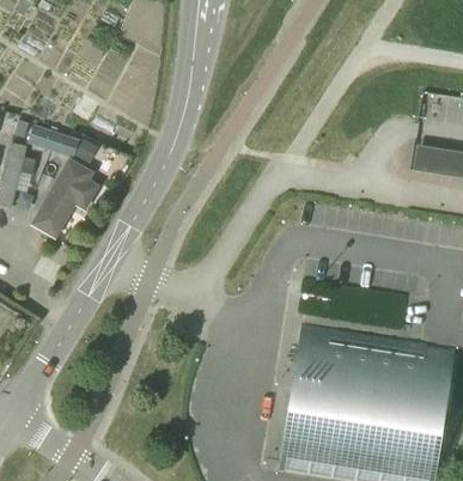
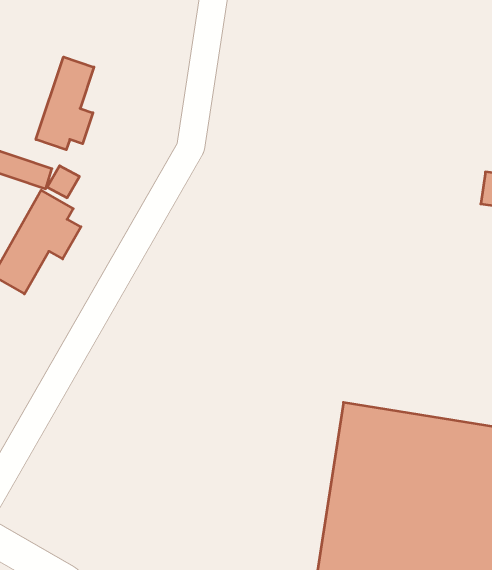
building: none -> [36,57,94,150]

